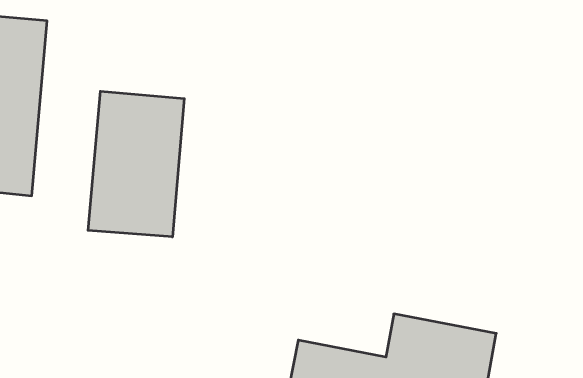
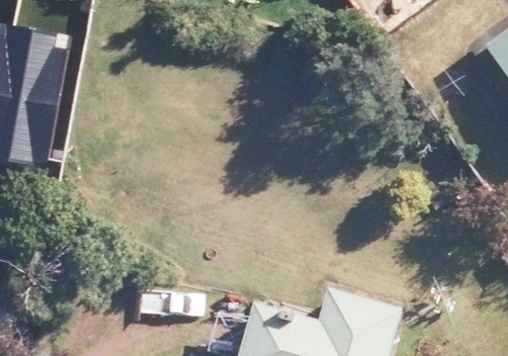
building: [88,91,184,237] -> none

